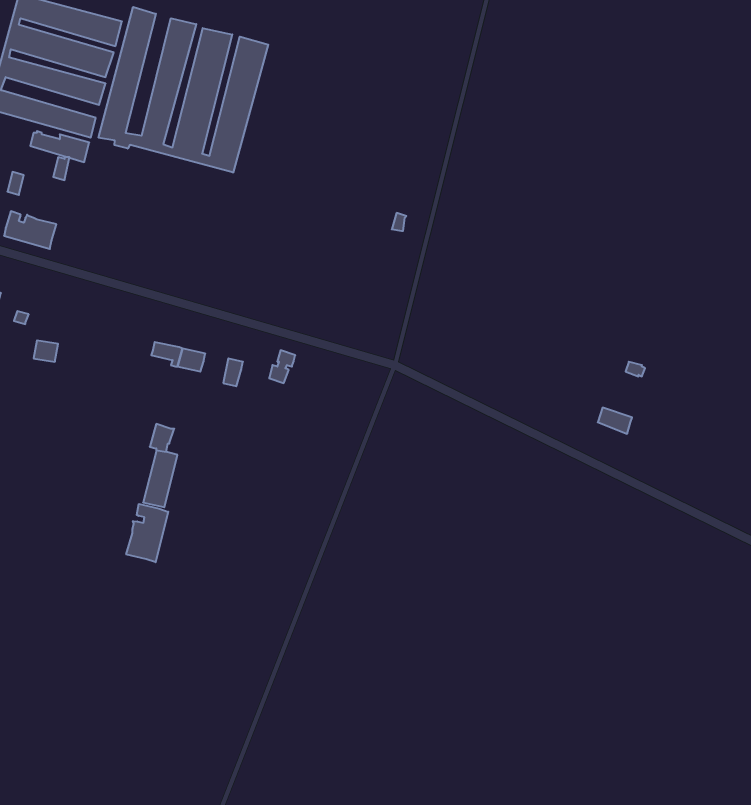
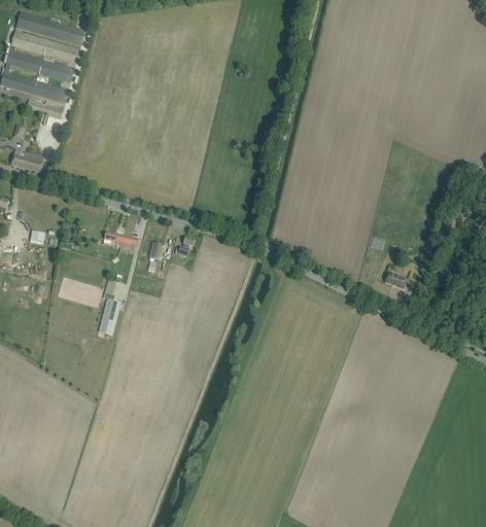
building: [99,7,268,173] -> none
building: [126,504,168,562] -> none

